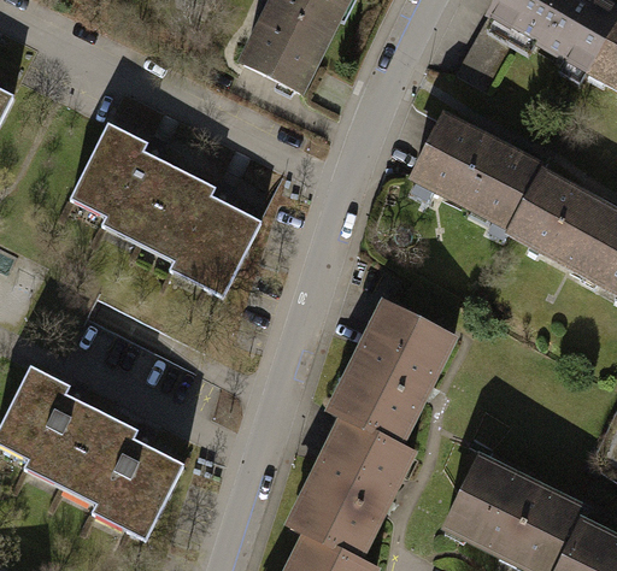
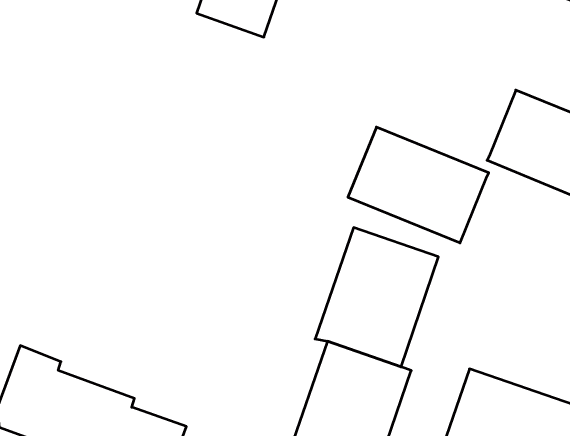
building: [412,114,554,239] -> [348,127,489,243]
building: [75,126,264,296] -> none

